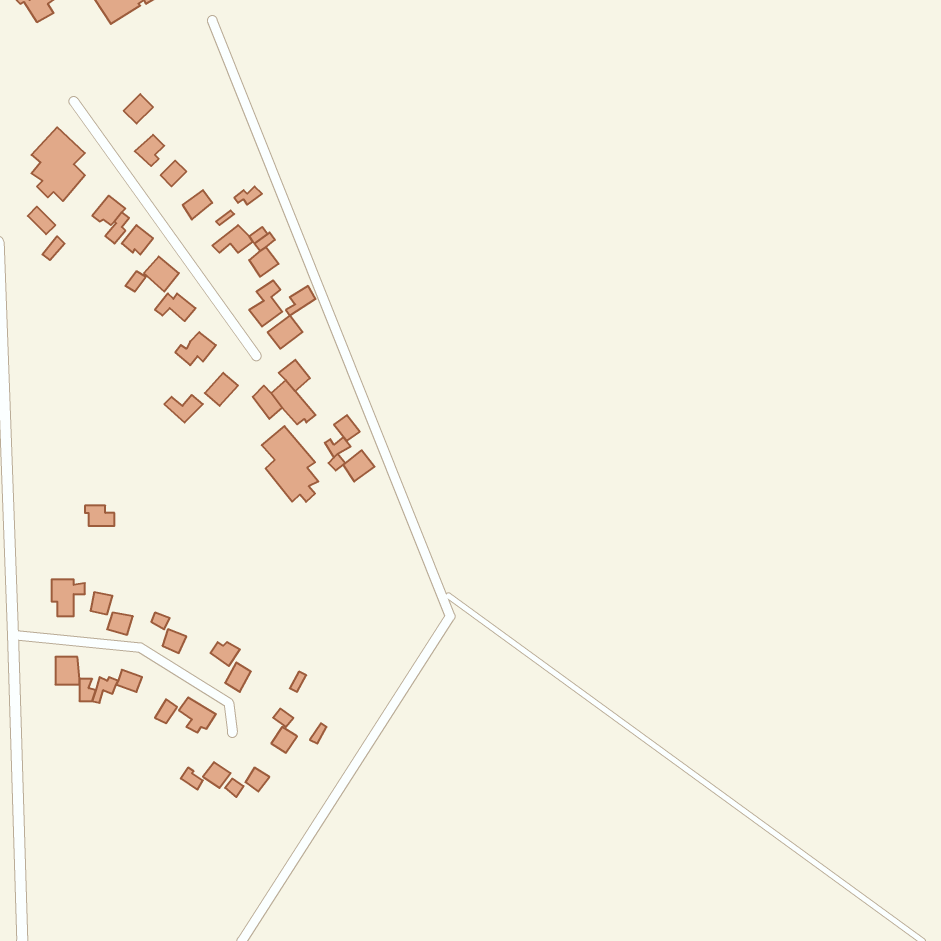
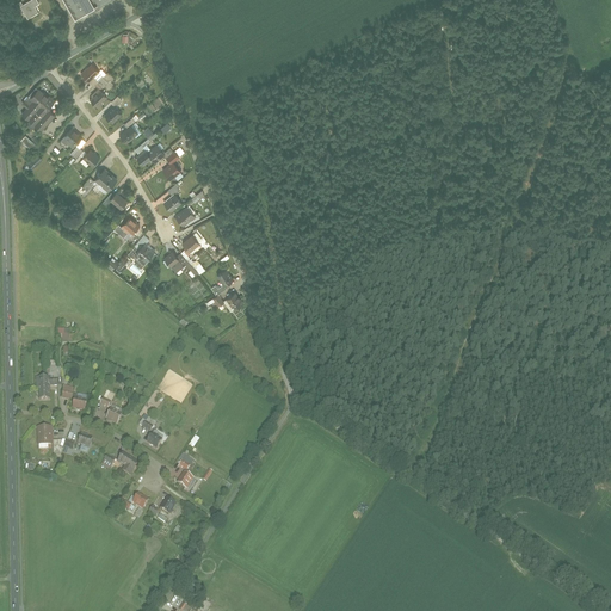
building: [262,426,318,502] -> none

